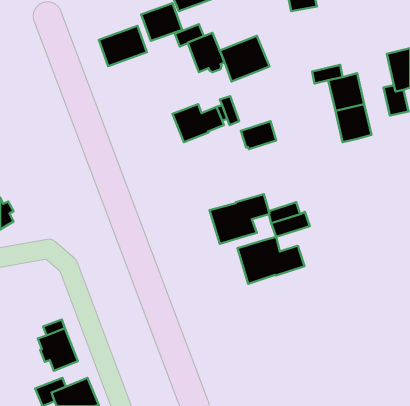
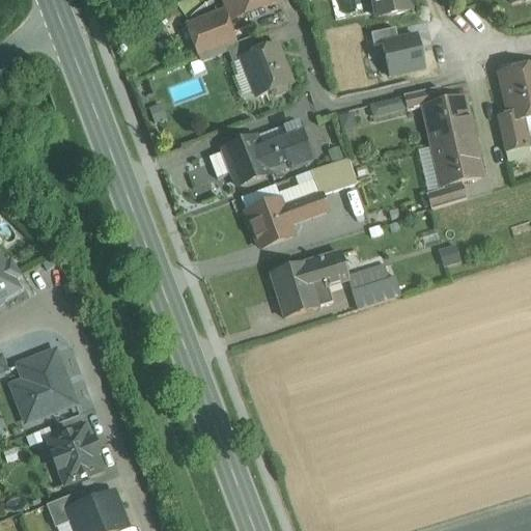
building: none -> [383,32,425,73]
building: [99,26,147,66] -> none
building: [220,36,269,82] -> none
building: none -> [426,179,467,206]
building: none -> [246,190,328,246]
building: [238,237,305,284] -> none
building: none -> [16,350,75,420]

